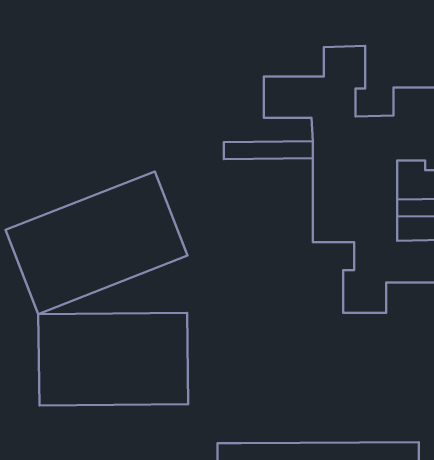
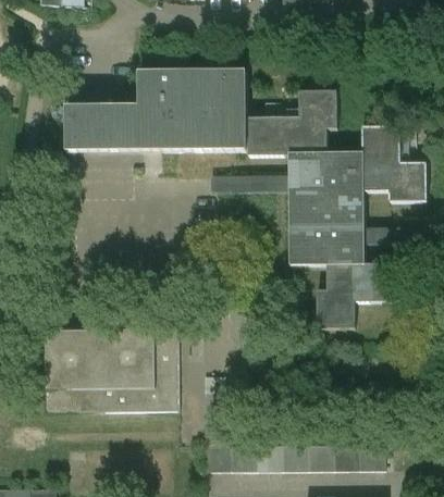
building: none -> [65,73,246,151]
building: [6,171,188,314] -> none

